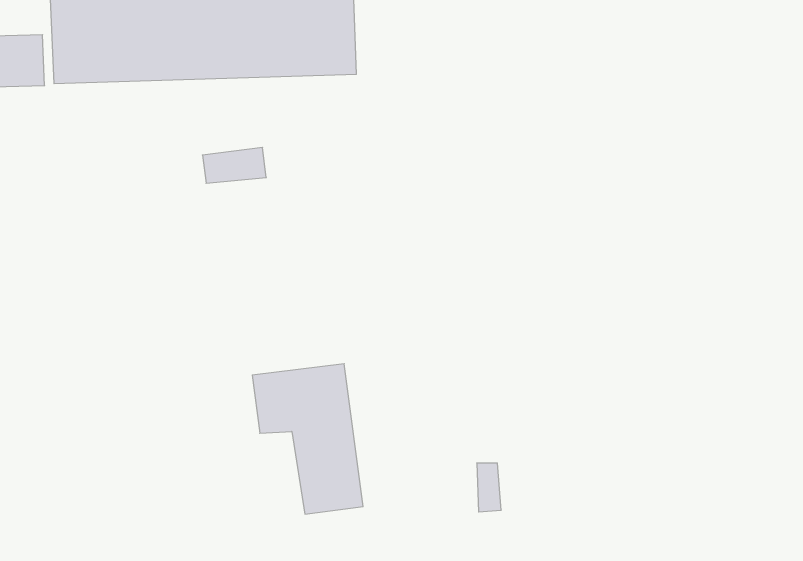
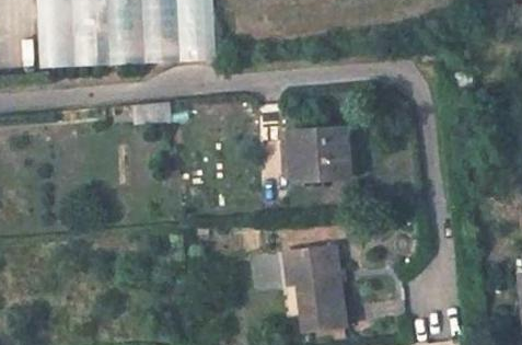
building: none -> [286,118,346,171]
building: [252,364,363,514] -> [279,240,344,327]

